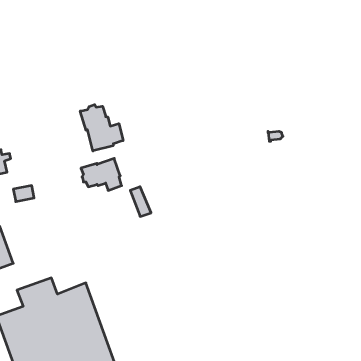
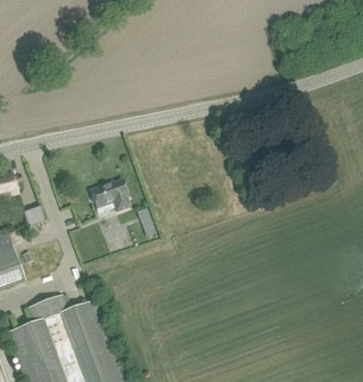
building: [80,105,123,151] -> none

